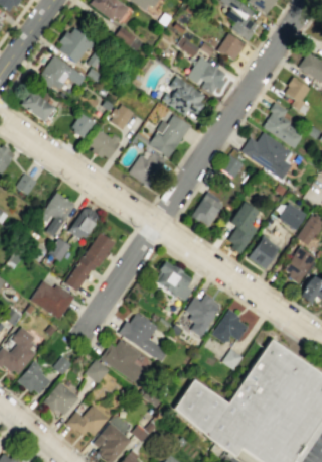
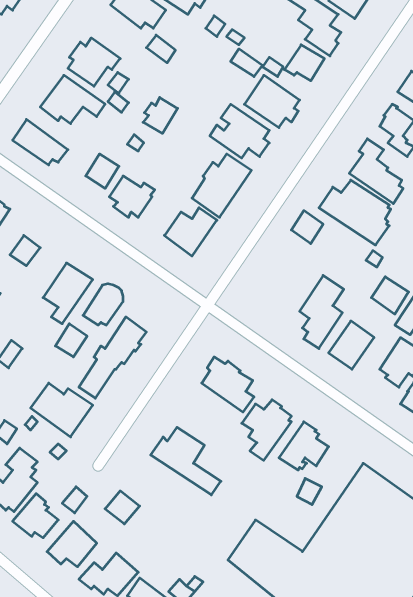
building: [110,104,135,130] -> [143,97,178,133]
building: [191,191,223,226] -> none
building: [100,340,145,383] -> none

